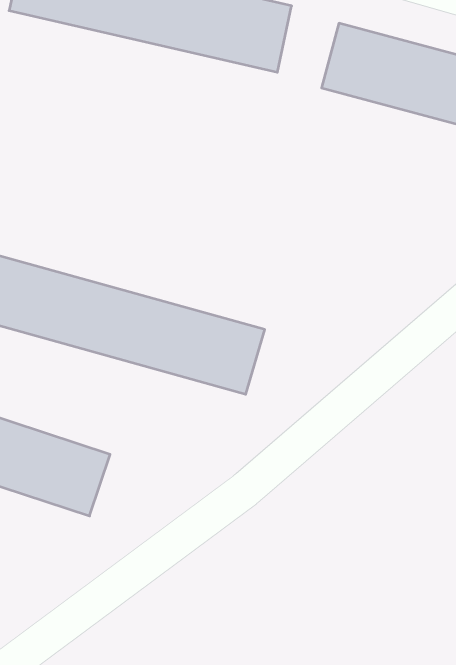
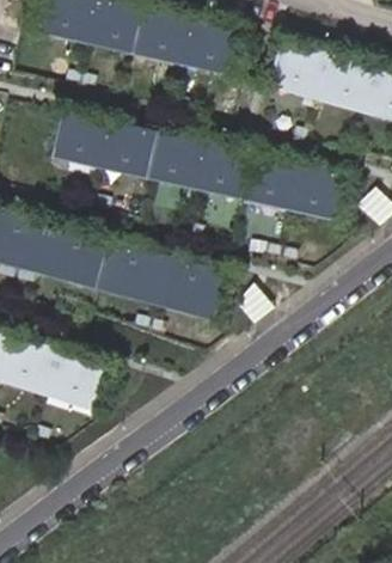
building: none -> [48,111,344,219]

